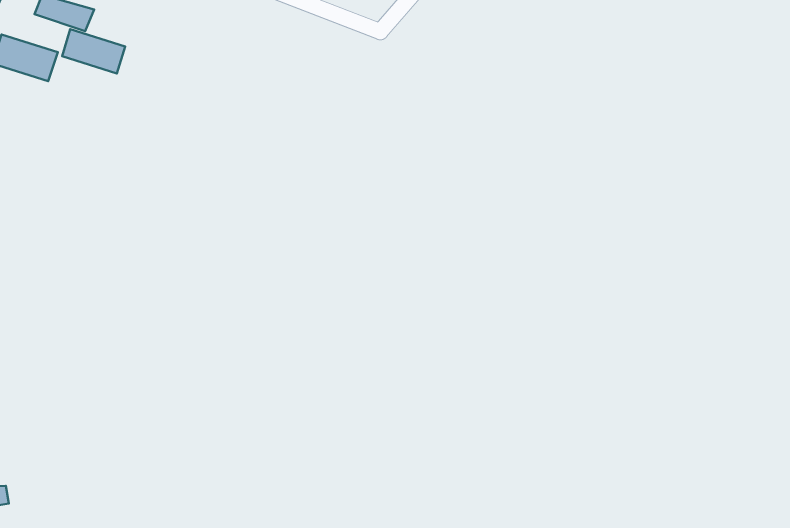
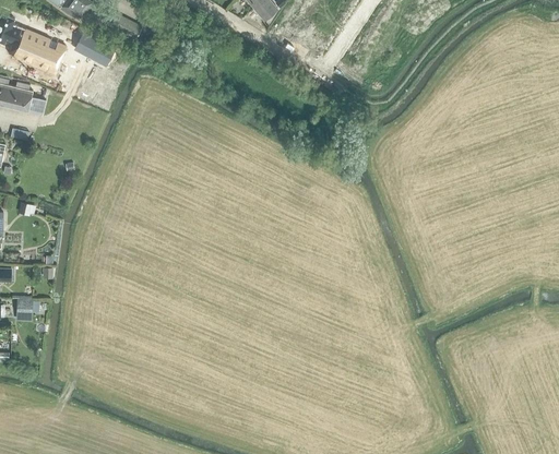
building: [62,29,125,74] -> none

